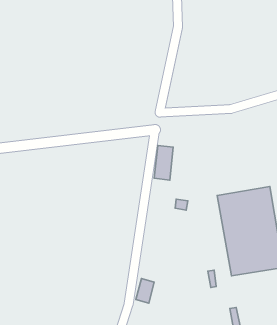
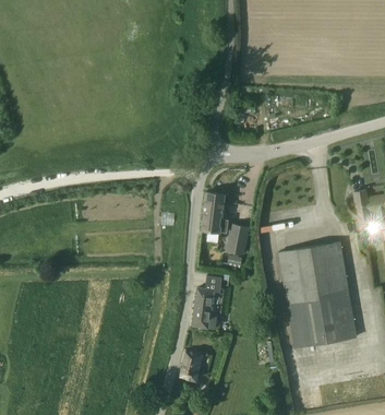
building: none -> [227,224,251,256]
building: none -> [193,276,224,329]

